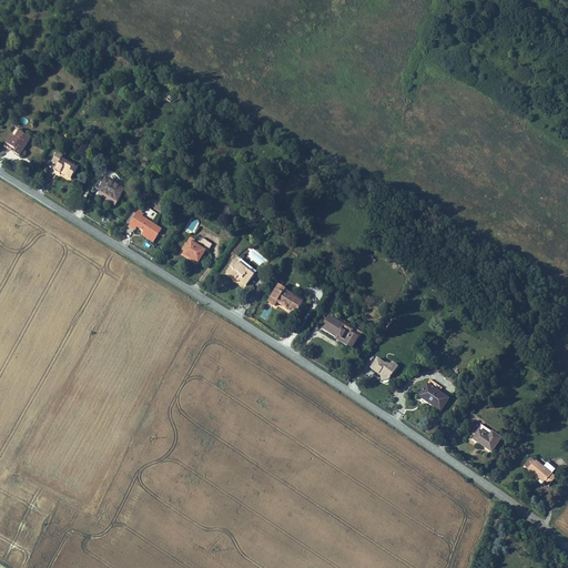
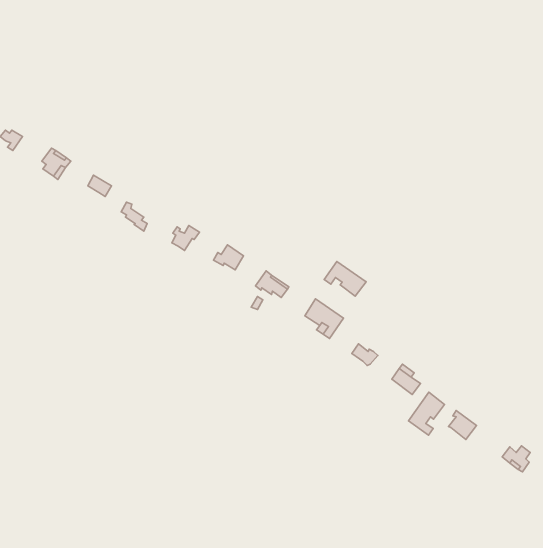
building: none -> [324,261,366,296]
building: none -> [409,392,445,435]

